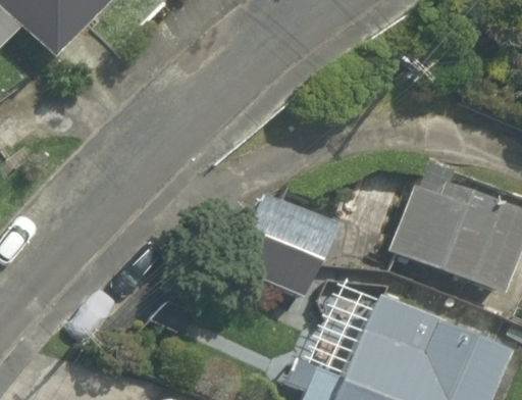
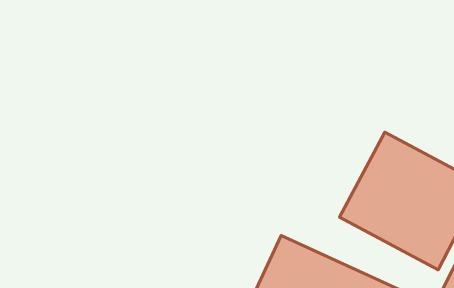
building: [227,201,330,305] -> none

